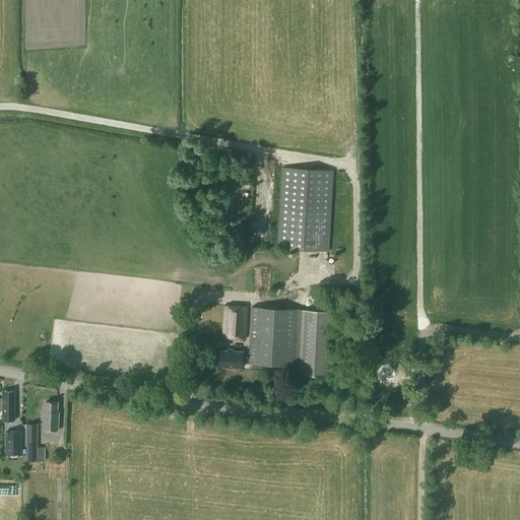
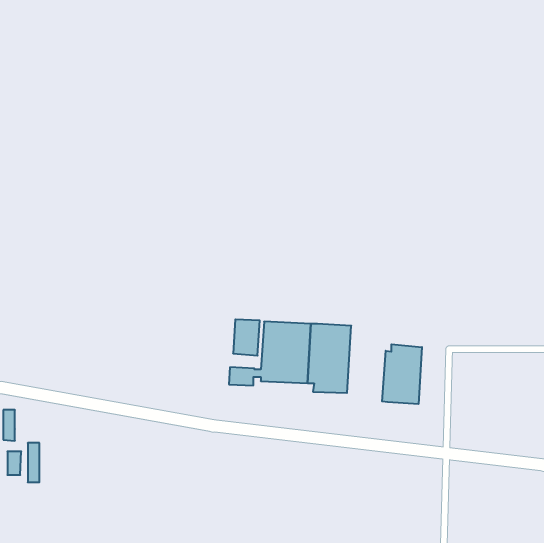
building: [277,168,333,255] -> none
building: none -> [382,344,422,404]
building: [43,402,59,431] -> none

